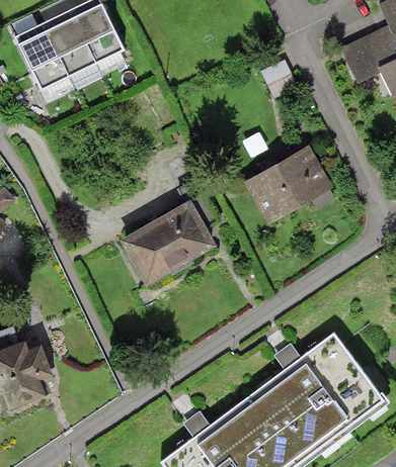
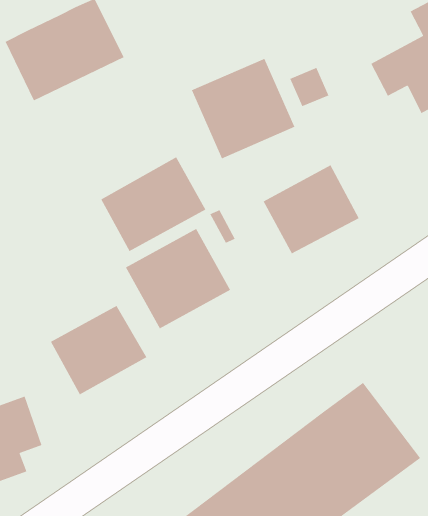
building: none -> [191,58,295,159]
building: none -> [100,156,206,252]
building: none -> [50,305,147,395]

